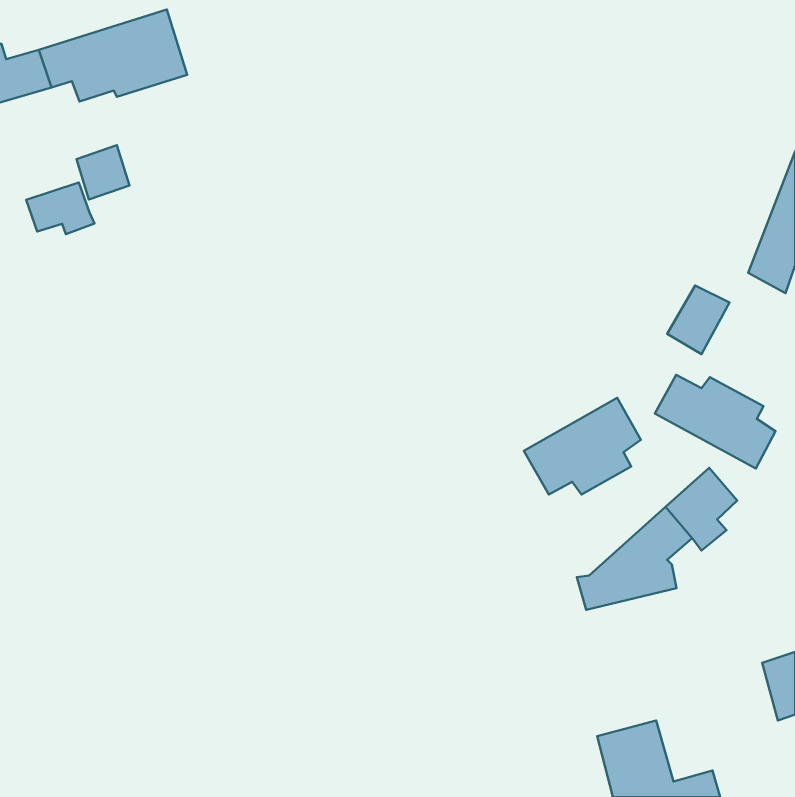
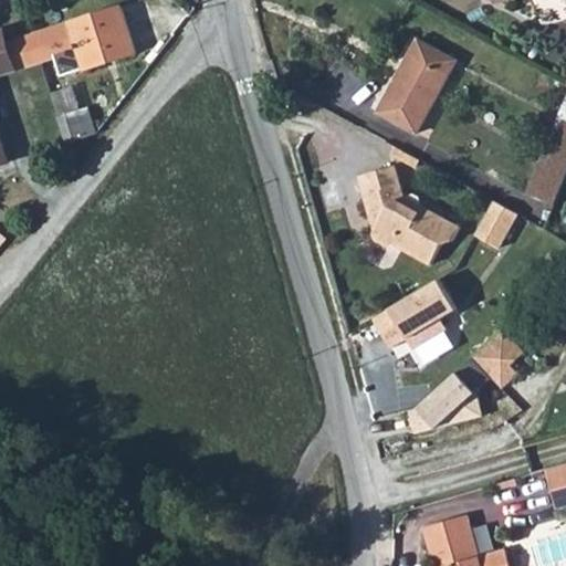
building: none -> [384,43,465,135]
building: [26,182,94,234] -> none
building: none -> [353,161,453,262]
building: [655,375,776,469] -> none

